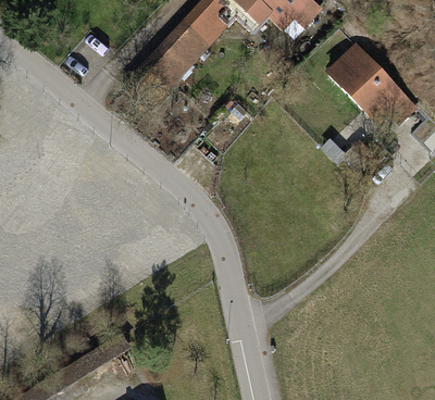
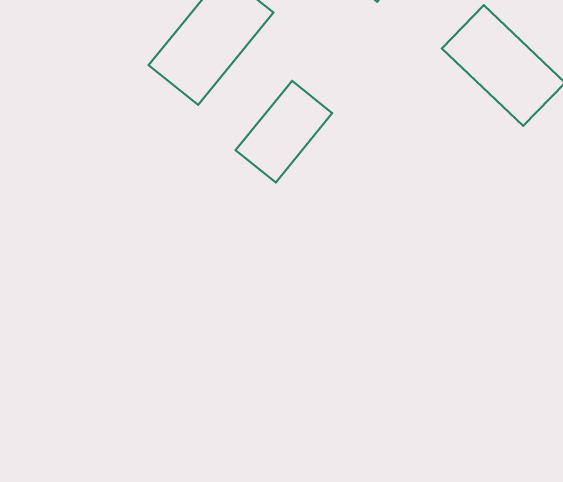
building: none -> [235,81,332,182]

